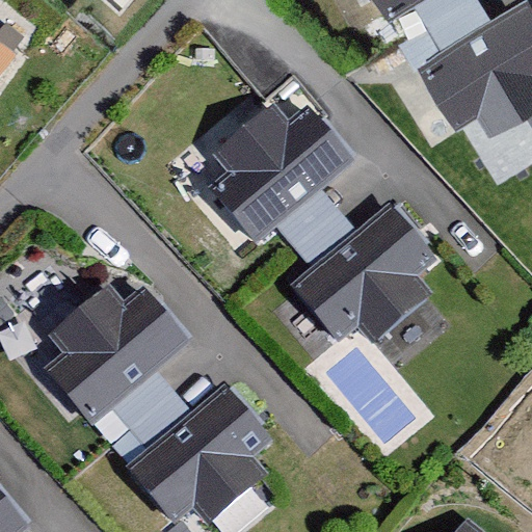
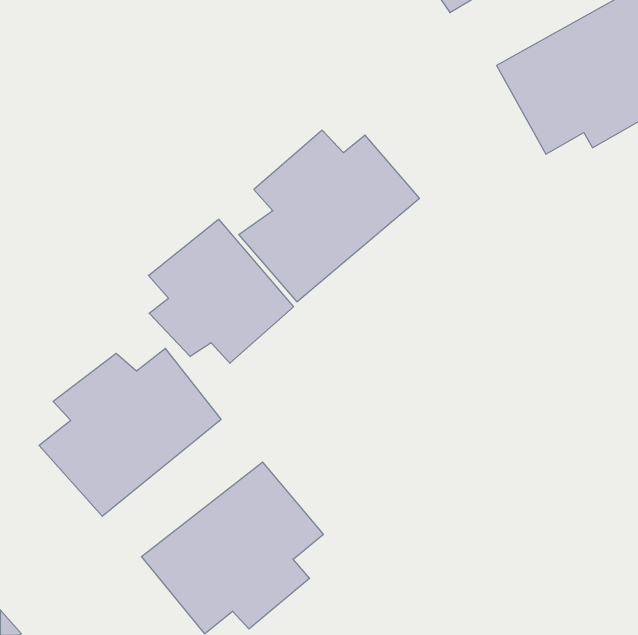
building: none -> [148,219,294,363]
building: [292,203,441,340] -> none

